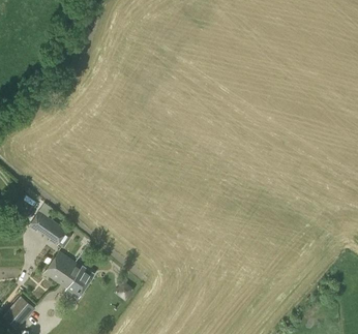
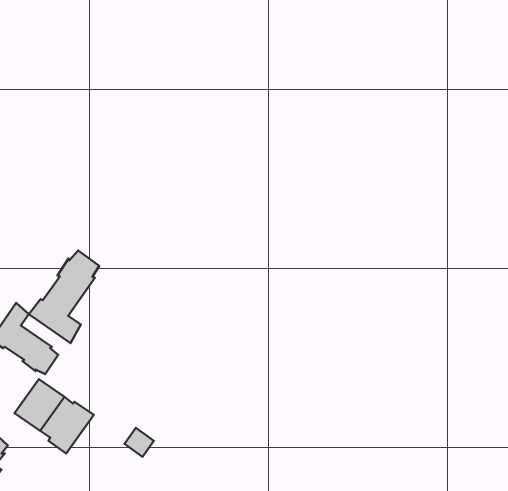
building: none -> [29,250,99,343]

